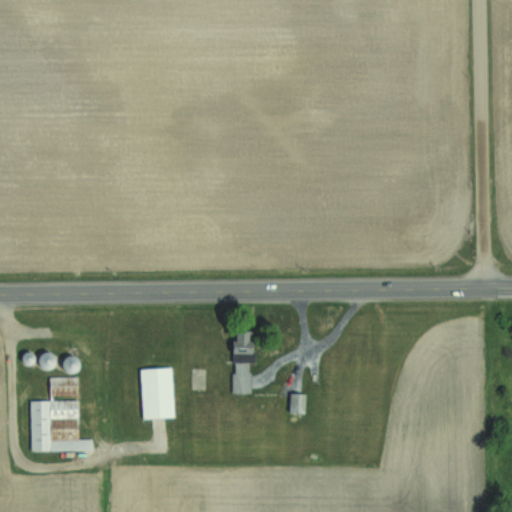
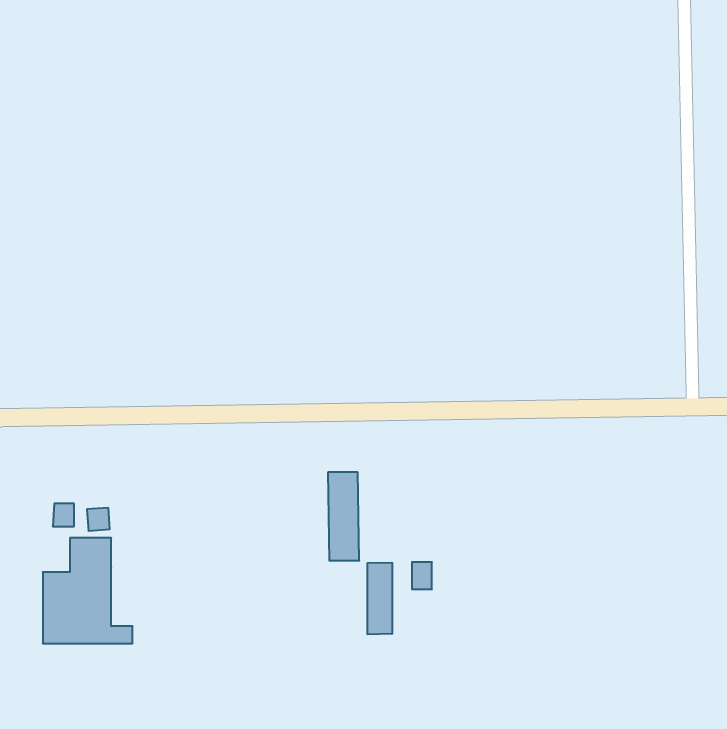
building: [140,368,175,419] -> none
building: none -> [368,563,392,634]

